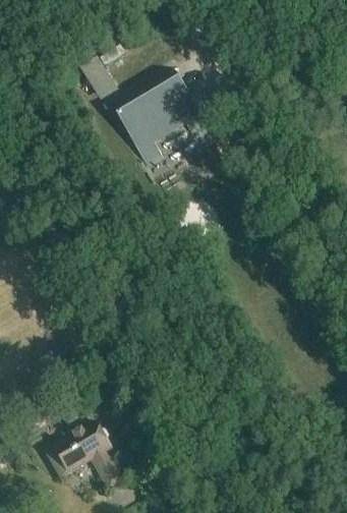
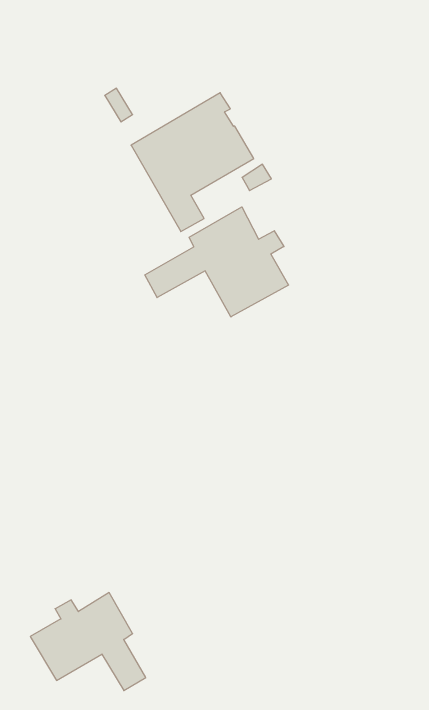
building: none -> [145,207,289,317]

